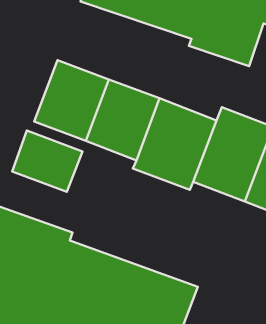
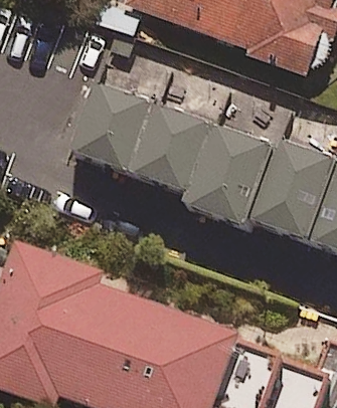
building: [12,130,82,192] -> none

